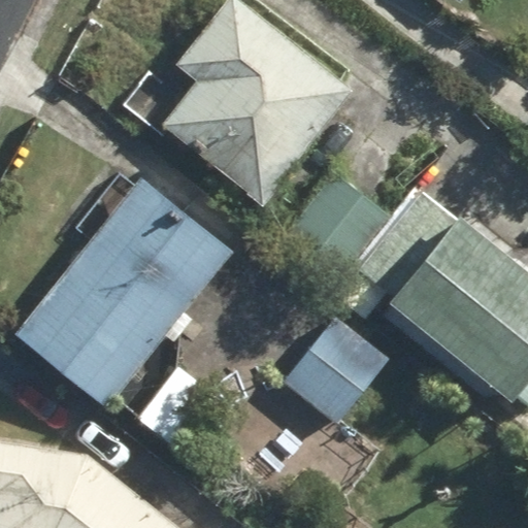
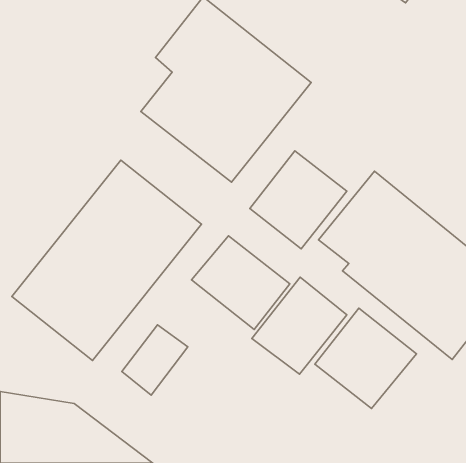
building: none -> [192,236,290,330]
building: none -> [315,308,417,409]

